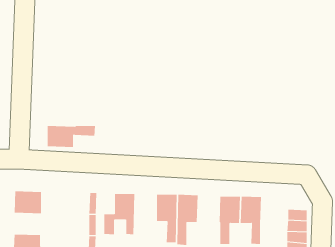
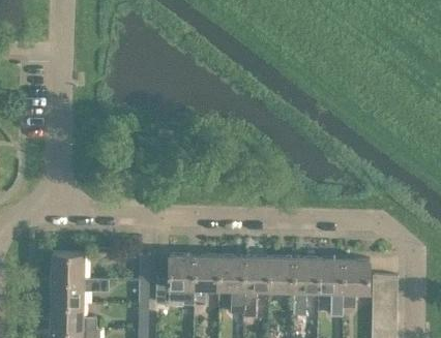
building: [47,125,96,147] -> [51,278,109,304]
building: none -> [193,255,218,304]
building: none -> [267,257,293,289]
building: none -> [342,259,369,308]

